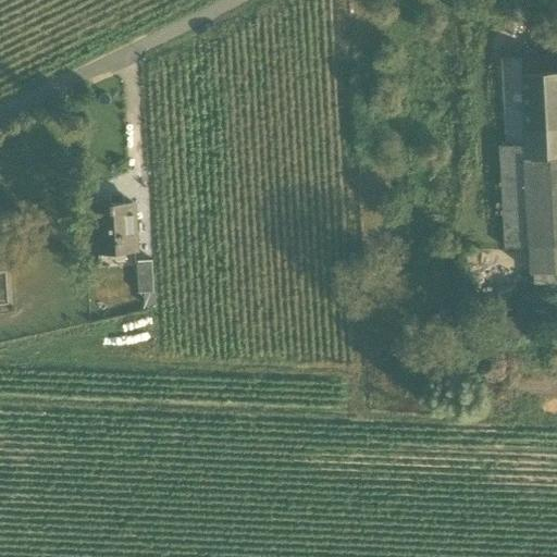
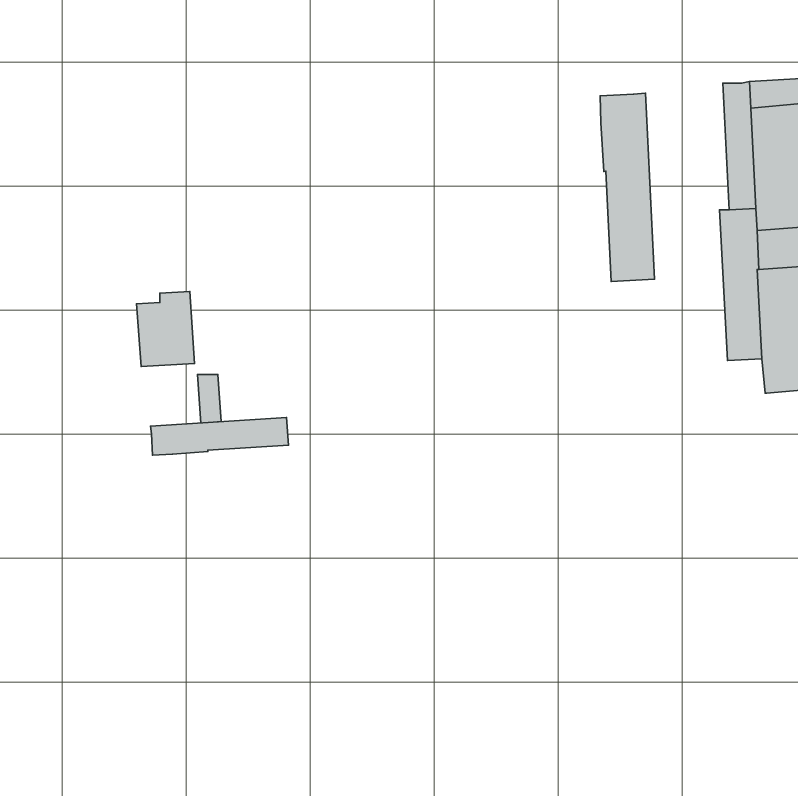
building: none -> [600,93,655,282]
building: none -> [151,418,288,455]

